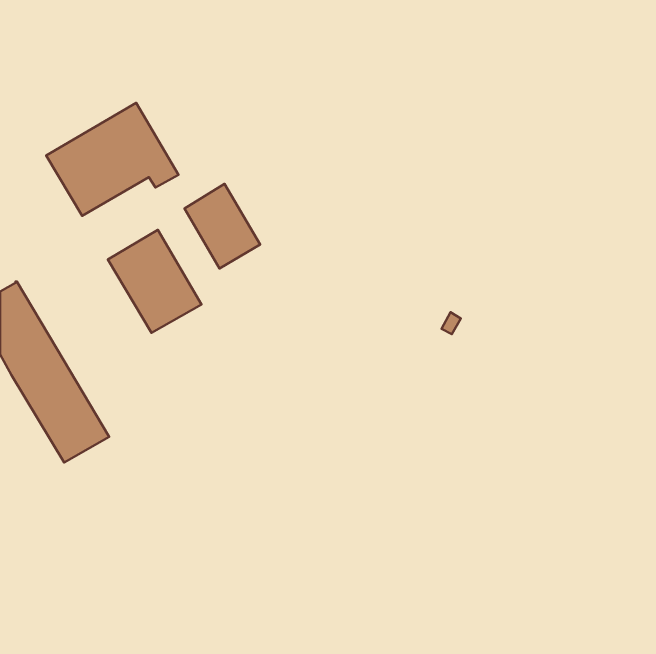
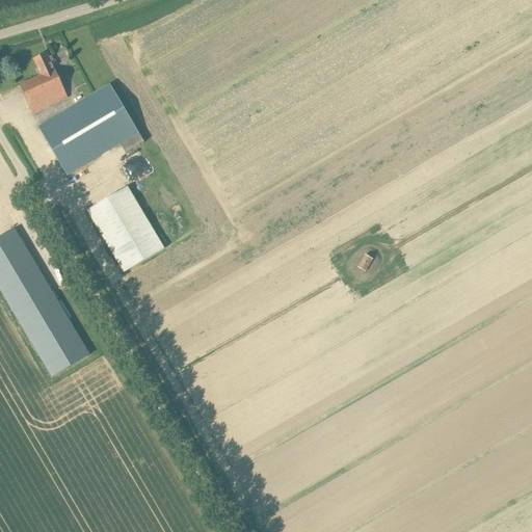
building: none -> [20,51,66,111]
building: [185,184,260,269] -> none

